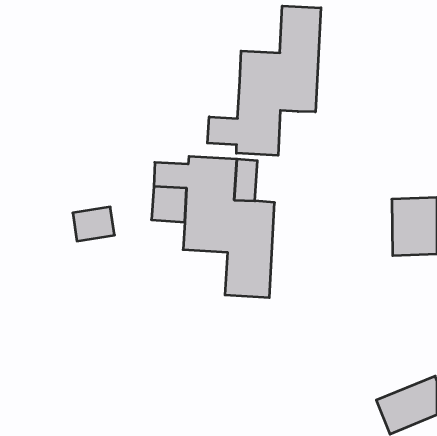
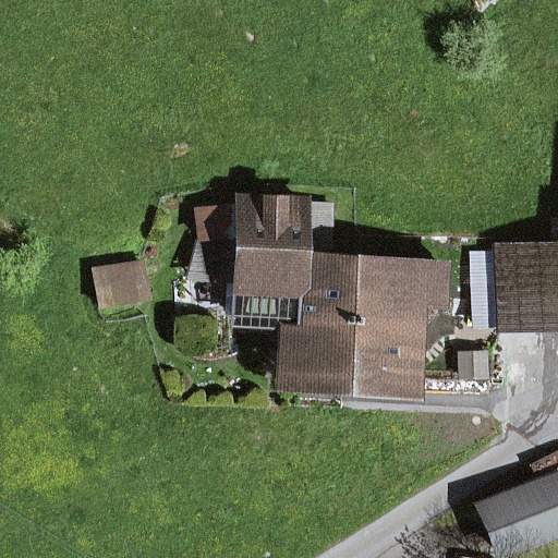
building: [207,6,321,155] -> none
building: none -> [343,259,442,384]

